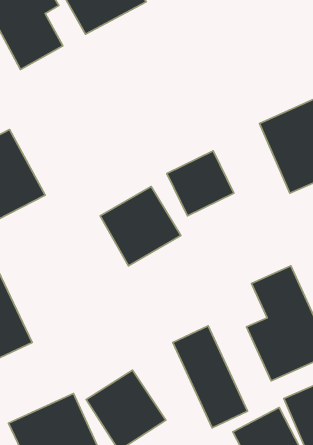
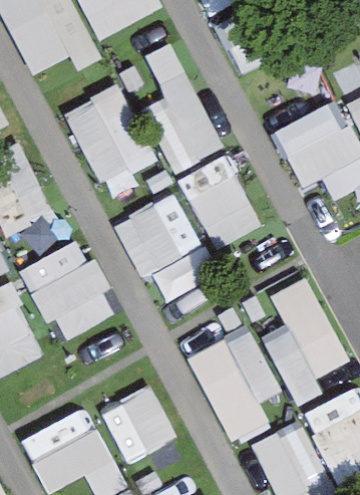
building: none -> [146,79,237,171]
building: none -> [63,86,150,185]
building: none -> [23,237,120,342]

